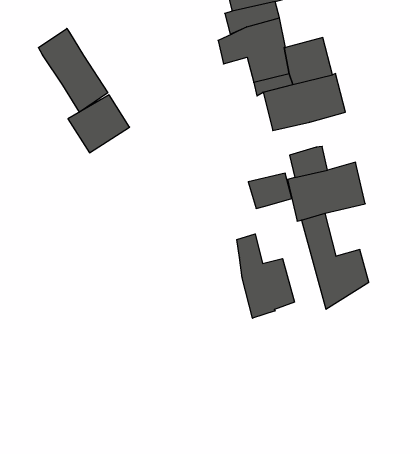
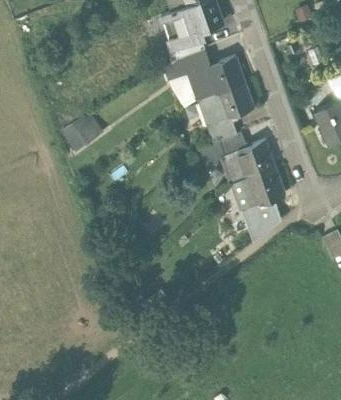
building: [38,28,108,112] -> none
building: [248,173,292,208] -> [206,117,237,143]
building: none -> [247,170,284,208]
building: [237,234,294,318] -> none

